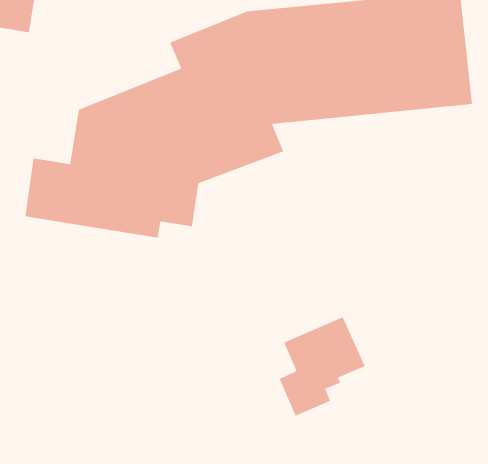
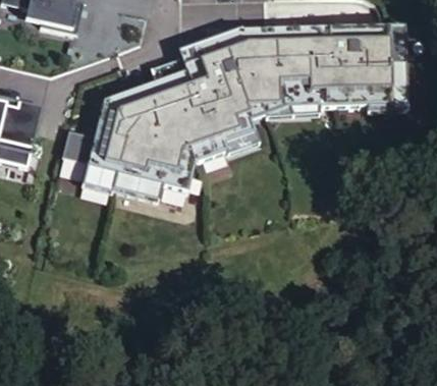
building: [278,316,366,417] -> none

